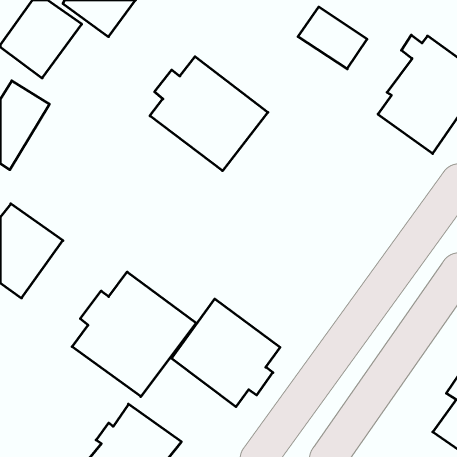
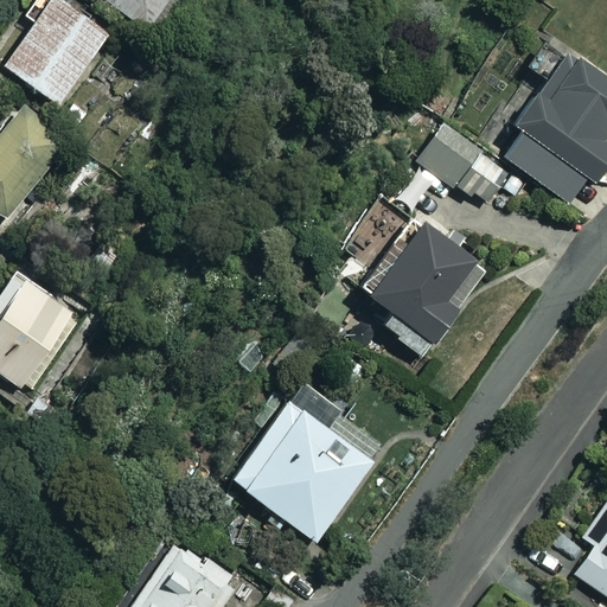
building: [298,7,367,69] -> [416,122,507,204]
building: [150,57,268,171] -> none
building: none -> [344,200,485,354]
building: [72,272,196,397] -> none

